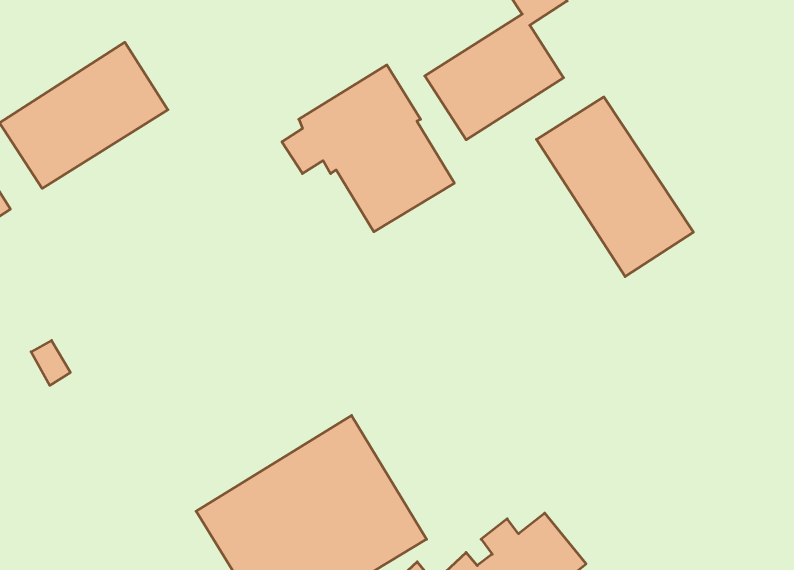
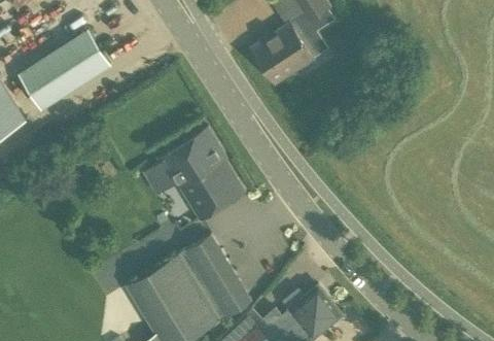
building: [282,65,454,232] -> [149,129,244,220]
building: [536,97,693,277] -> none

